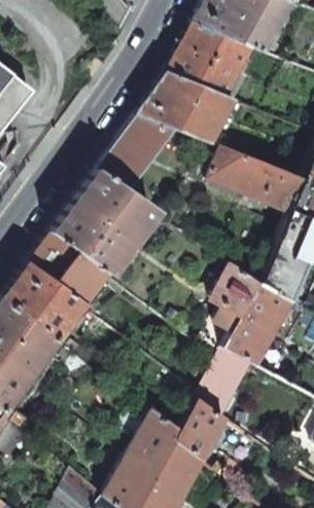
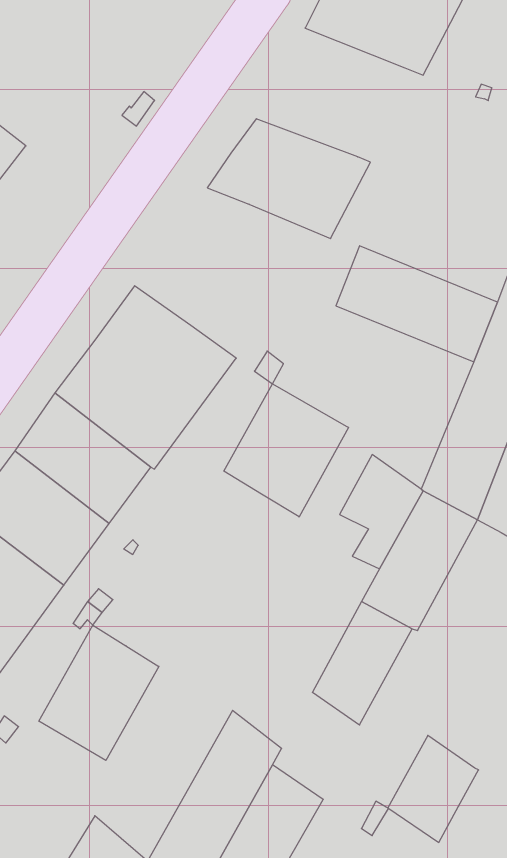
building: [166,24,250,97] -> none
building: [119,114,162,153] -> none
building: [97,146,144,192] -> none
building: none -> [224,384,349,517]
building: none -> [39,625,159,760]
building: [175,400,226,461] -> [388,735,479,842]

